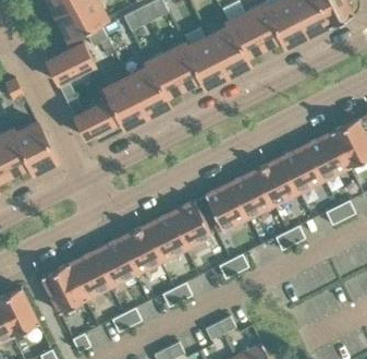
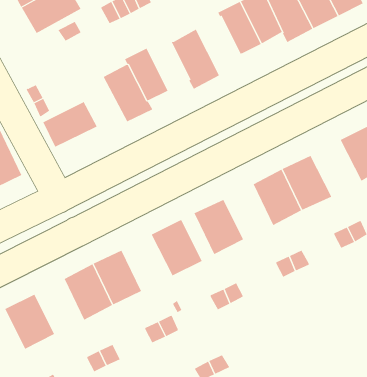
building: [207,24,250,75] -> none
building: [47,41,95,83] -> none
building: [164,41,201,88] -> none
building: [103,76,147,128] -> none
building: [306,131,350,180] -> none
building: [231,169,273,217] -> none
building: [143,213,186,262] -> none
building: [68,251,110,299] -> none

